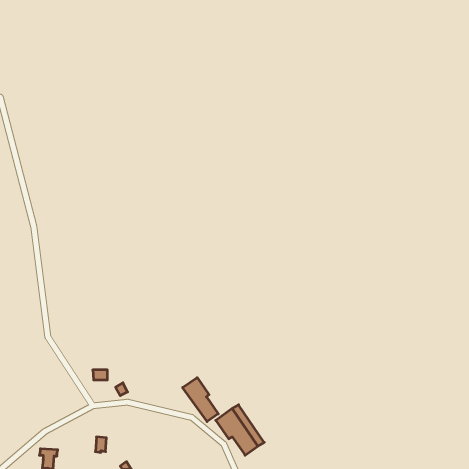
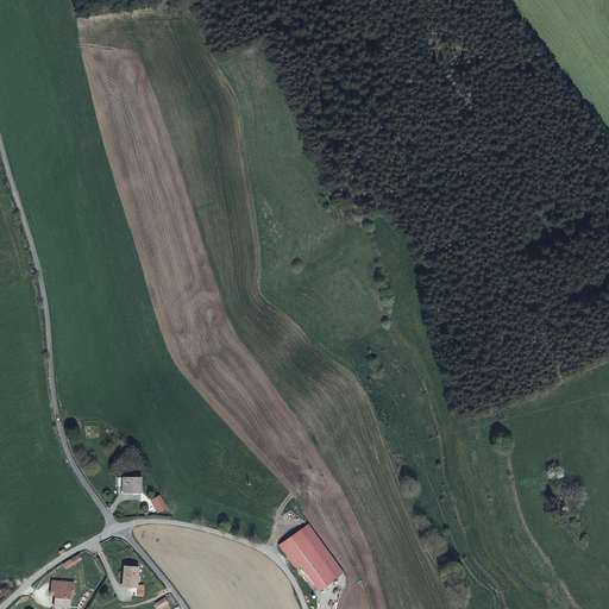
building: [183,378,218,422] -> none

